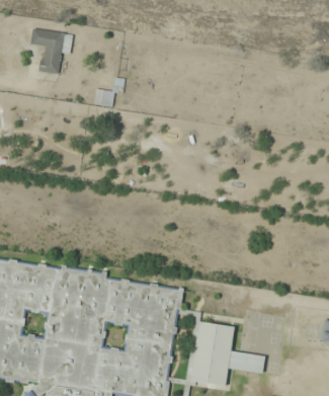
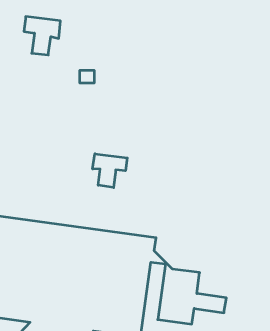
building: none -> [93,154,127,188]

